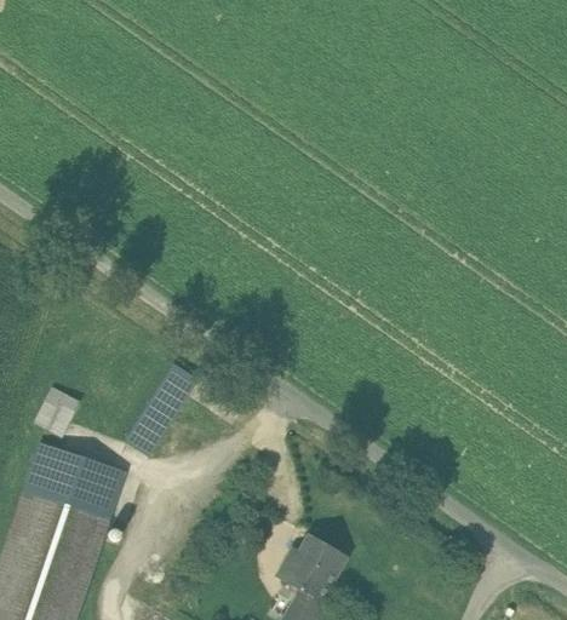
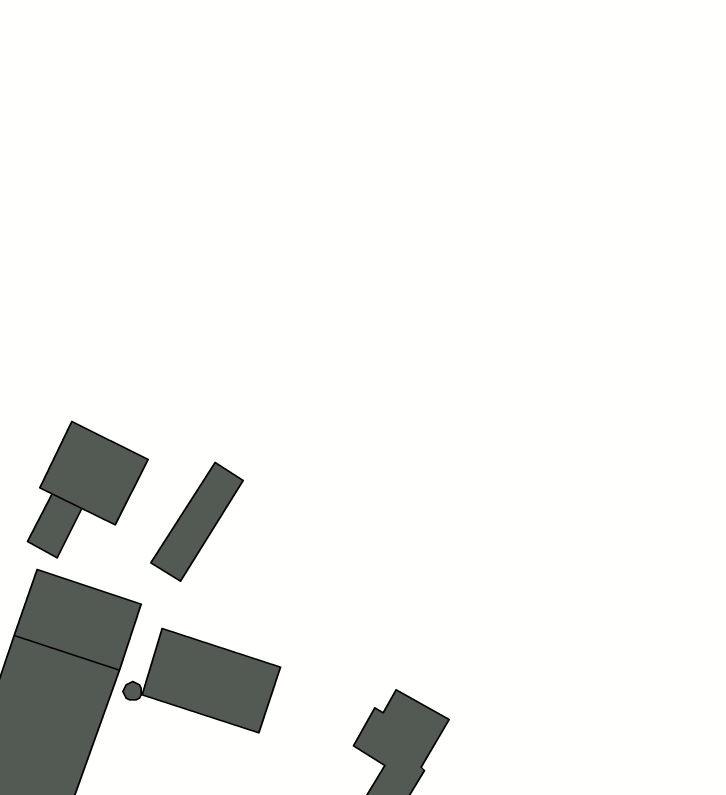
building: none -> [40,422,148,525]
building: none -> [142,628,281,733]

